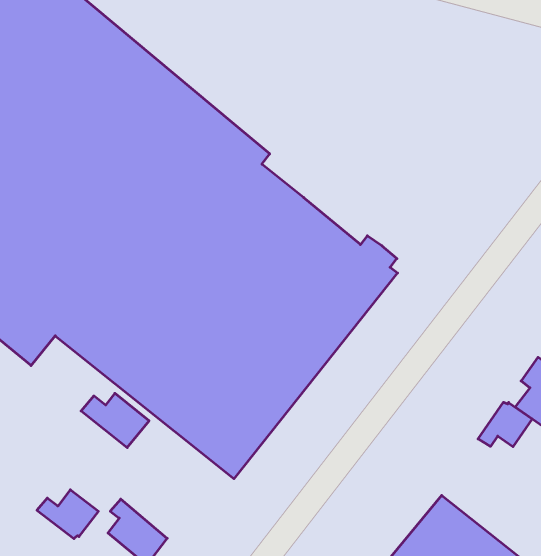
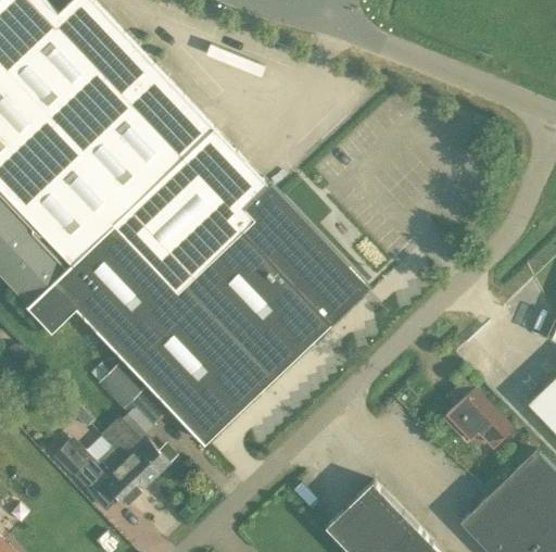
building: [478,402,532,447] -> none
building: none -> [102,407,172,488]

